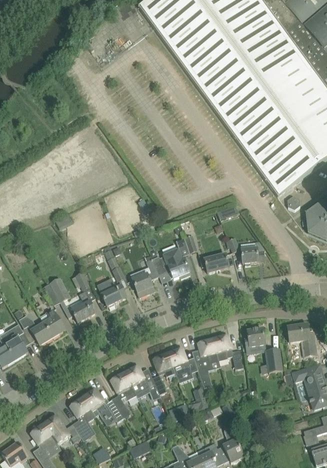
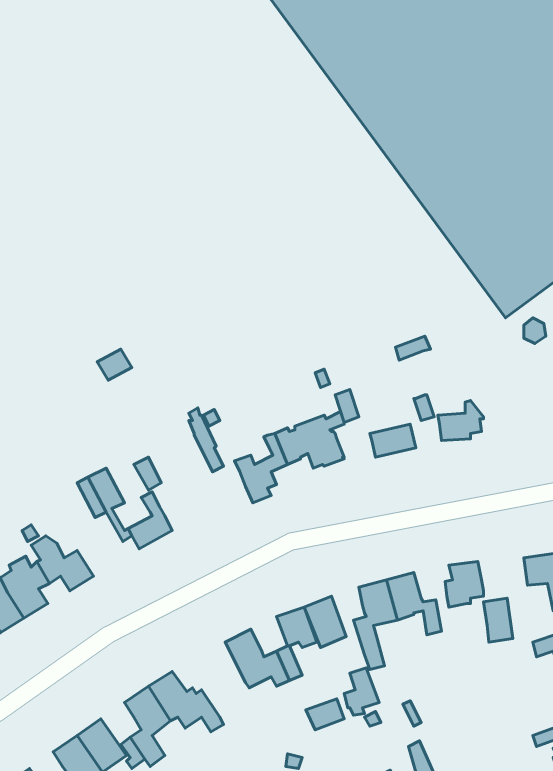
building: [98,283,127,306] -> none
building: [40,307,65,336] -> none
building: [111,372,136,417] -> none

